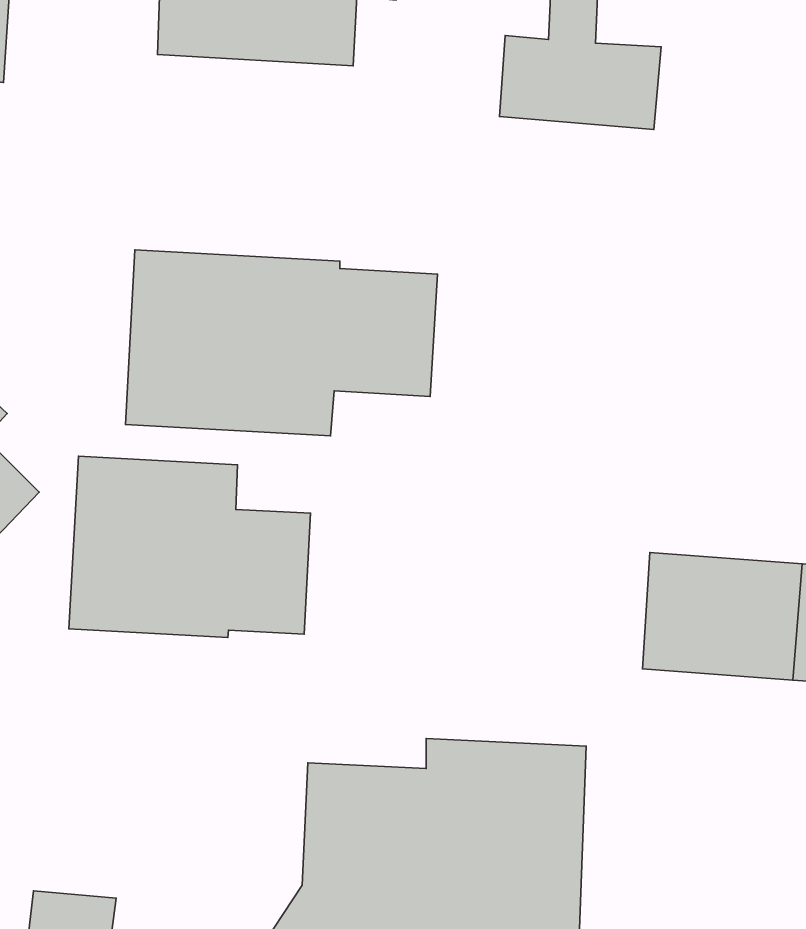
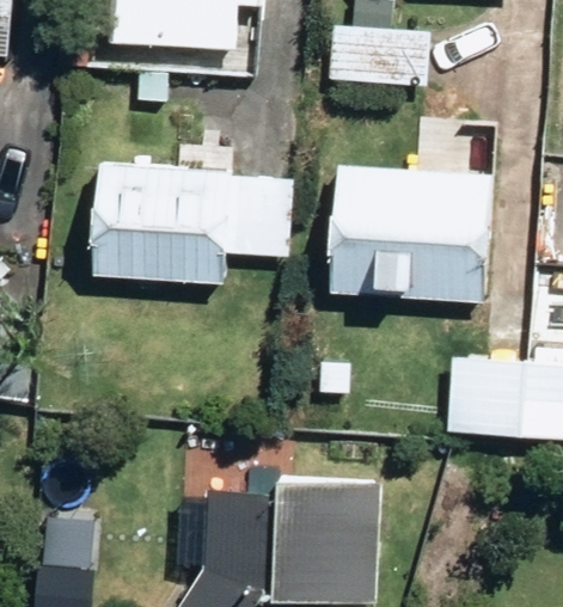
building: none -> [330,163,494,301]
building: [69,456,310,638] -> none

